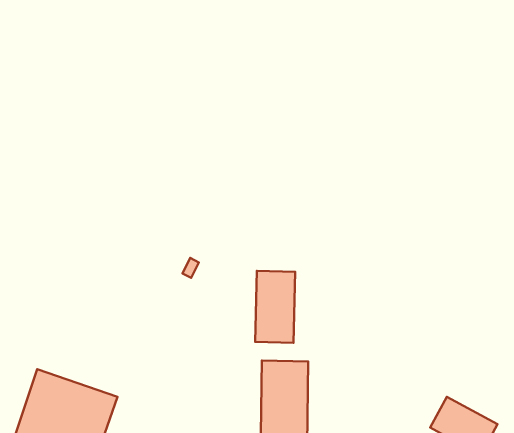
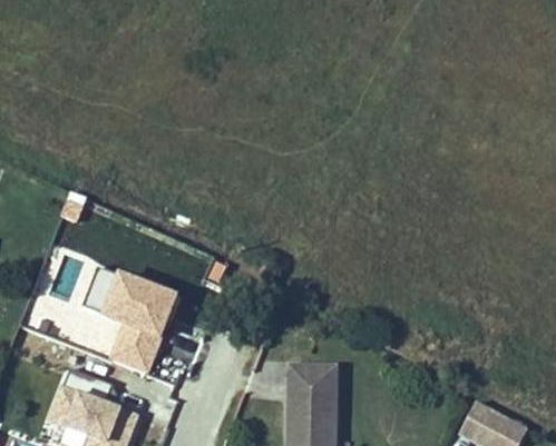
building: none -> [82,260,179,371]
building: [255,271,295,343] -> none

